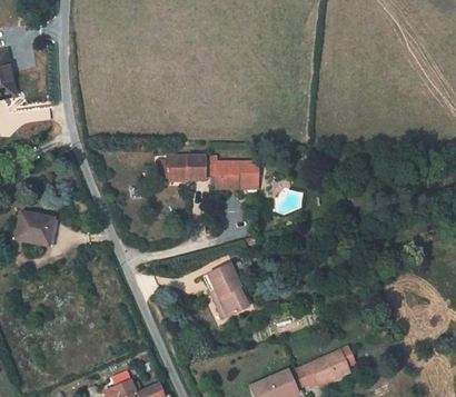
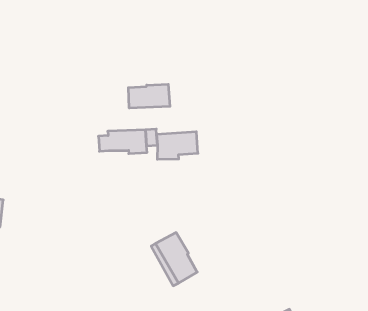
building: none -> [128,84,170,108]

